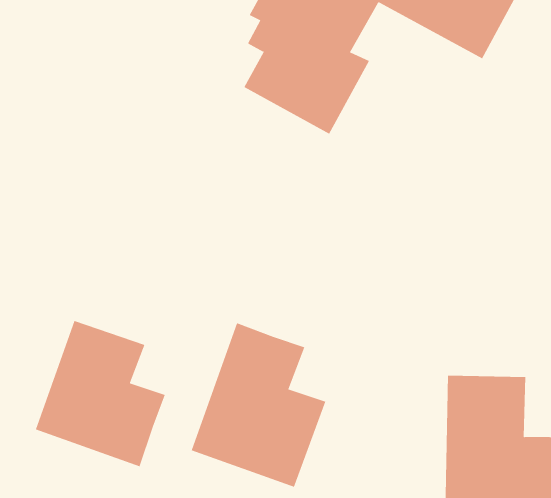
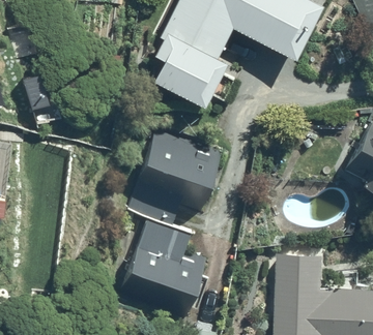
building: none -> [125,128,226,225]
building: [35,320,166,467] -> none

